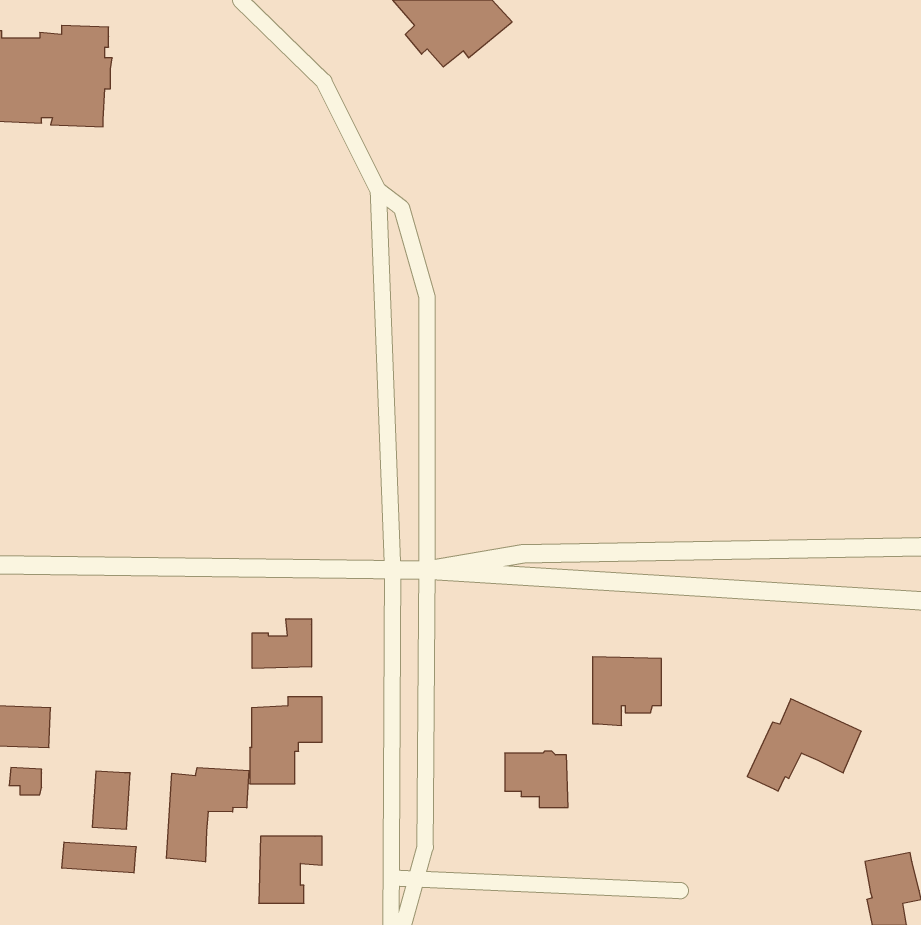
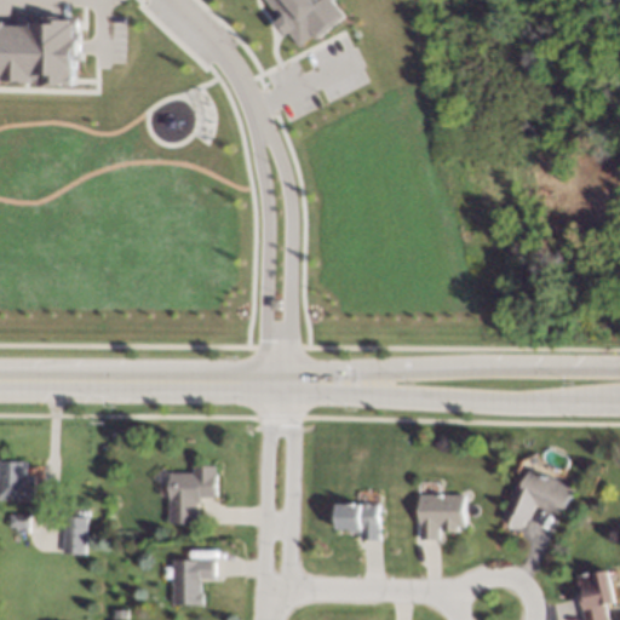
building: [252,619,311,668] -> none
building: [593,657,661,725] -> [419,494,465,540]
building: [166,768,249,862] -> none
building: [62,842,136,873] -> none

